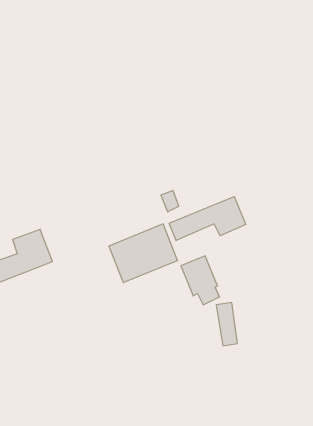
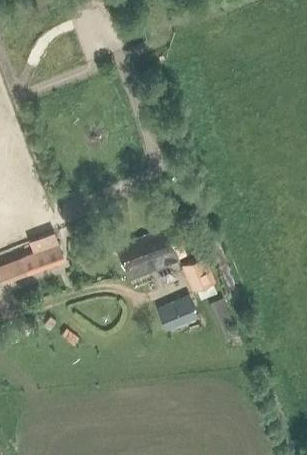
building: [169,197,246,241] -> none
building: none -> [157,297,196,331]

